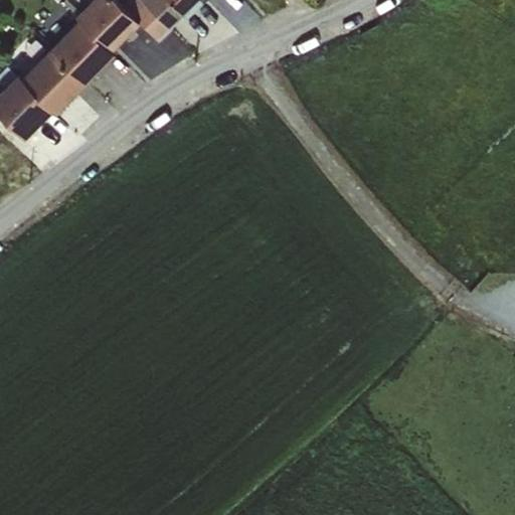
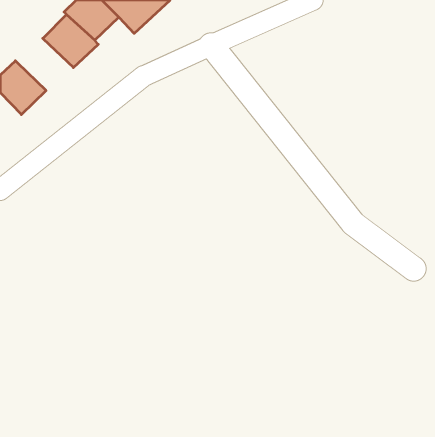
building: [23,45,89,110] -> none

